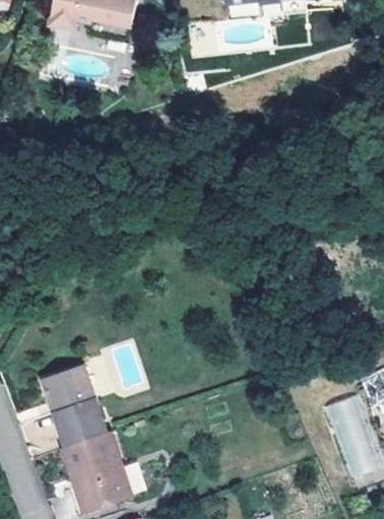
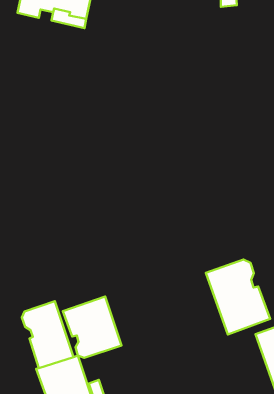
building: none -> [206,260,270,334]
building: none -> [63,297,121,358]

